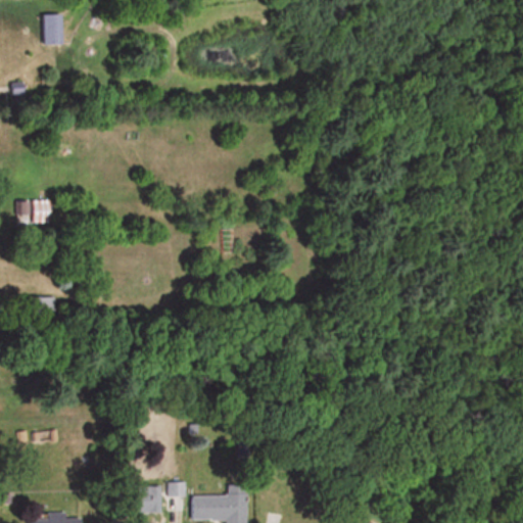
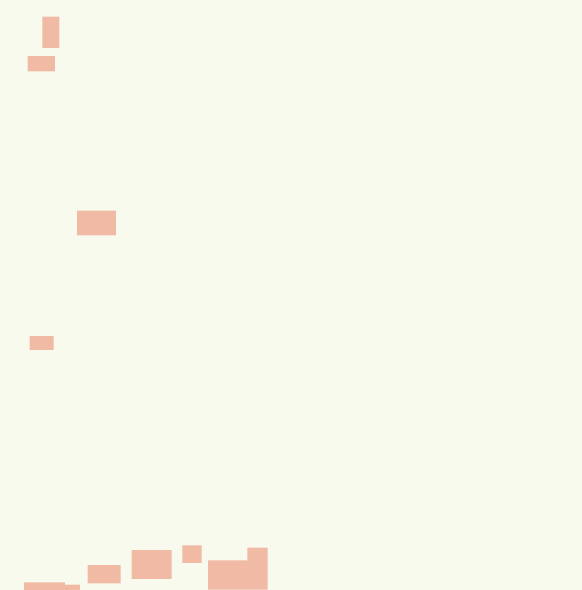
building: none -> [27,55,56,72]
building: [17,200,53,223] -> [76,210,117,236]
building: none -> [87,564,121,584]

